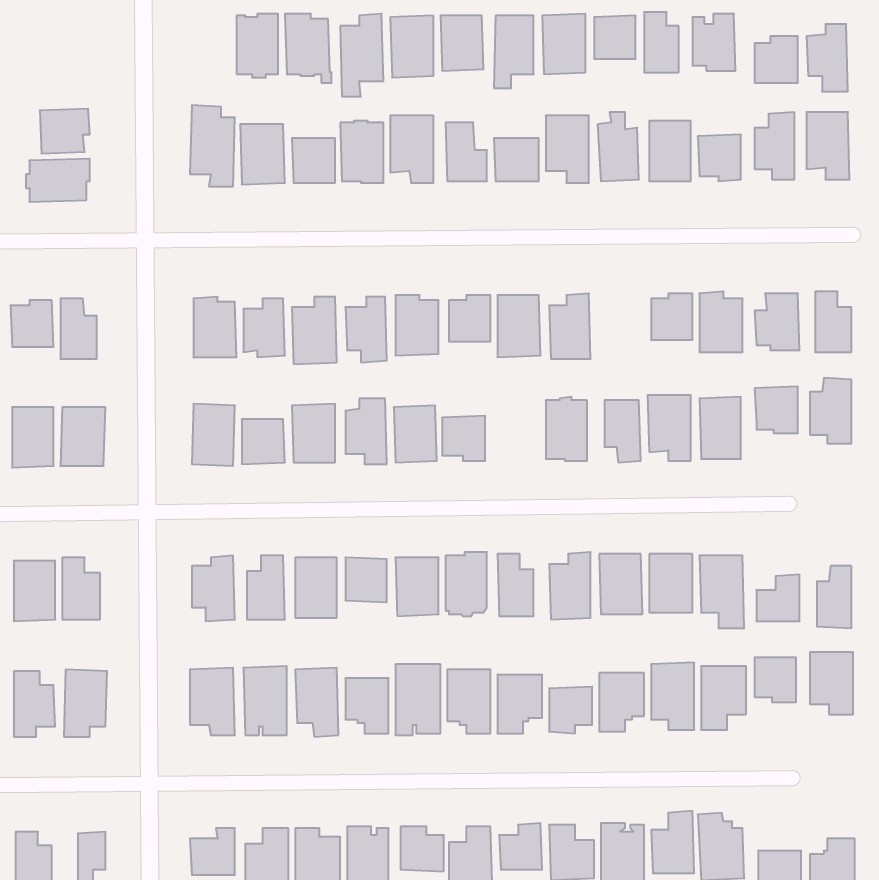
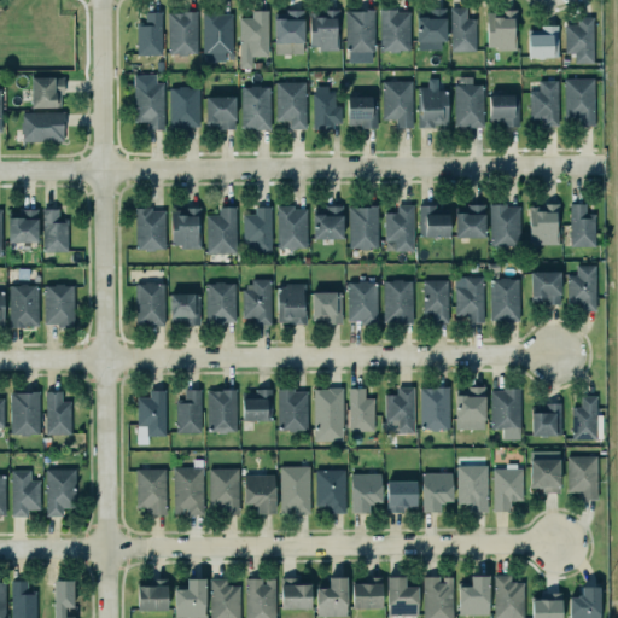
building: none -> [138,13,164,57]
building: none -> [420,206,451,238]
building: none -> [349,282,379,325]

